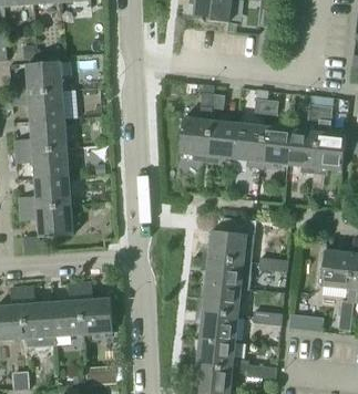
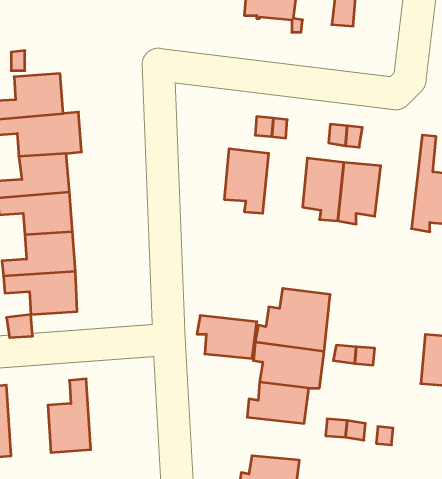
building: [287,105,321,174] -> none
building: [206,120,238,164] -> none
building: [79,281,112,333] -> none
building: [21,286,54,346] -> none
building: [193,310,236,341] -> [197,316,257,359]

